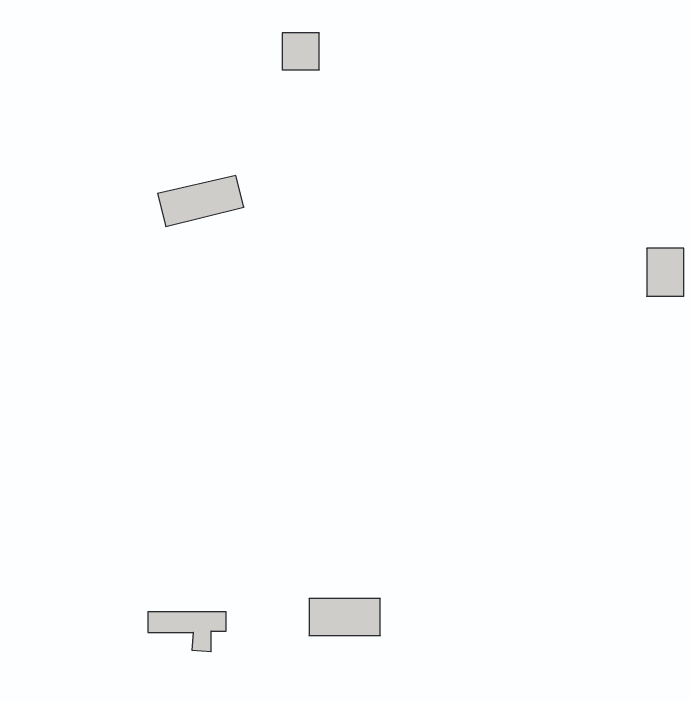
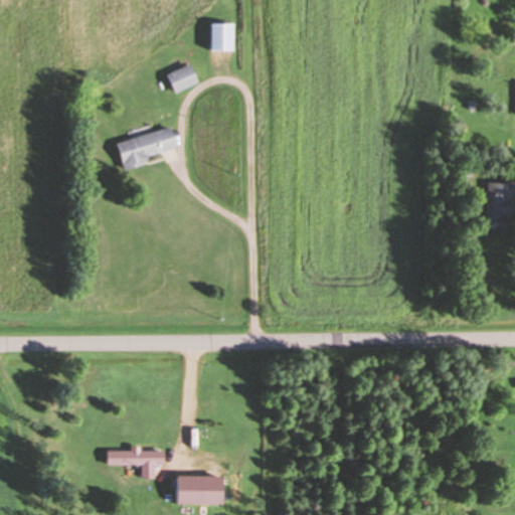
building: none -> [168,64,198,93]
building: [309,599,380,636] -> [174,475,226,502]

